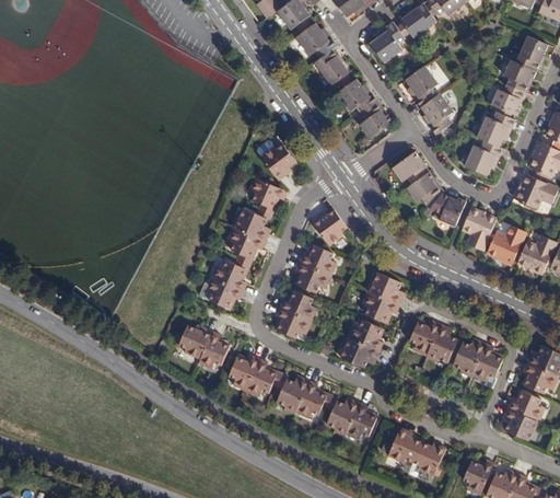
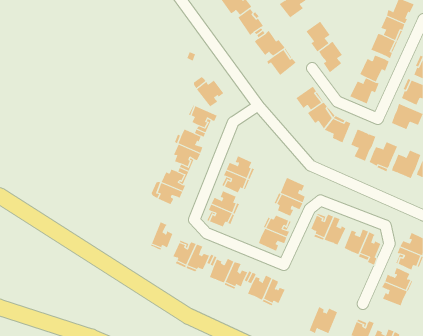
building: [312,208,348,245] -> none
building: [178,323,212,357] -> none
building: [387,428,421,463] -> none

